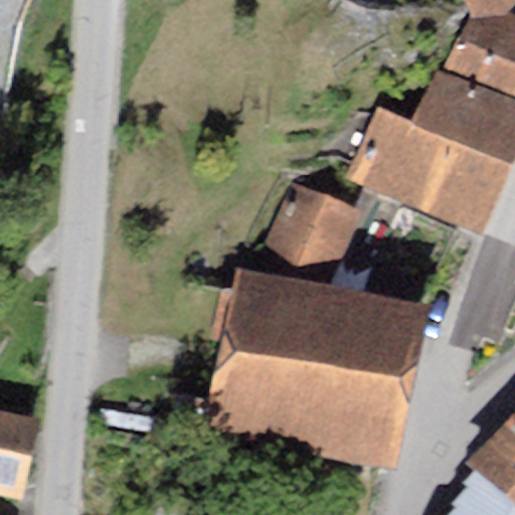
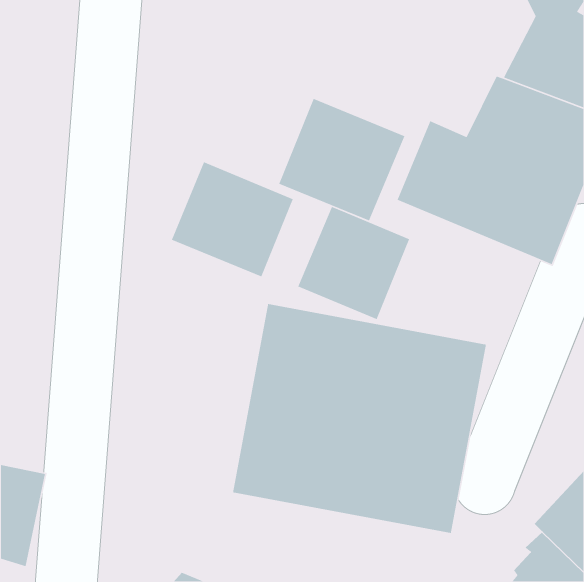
building: none -> [278,98,405,221]
building: none -> [171,161,294,277]

